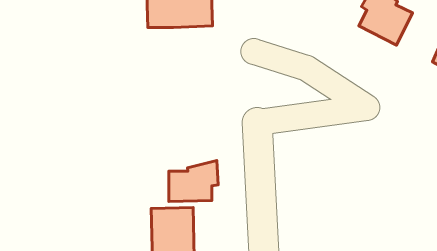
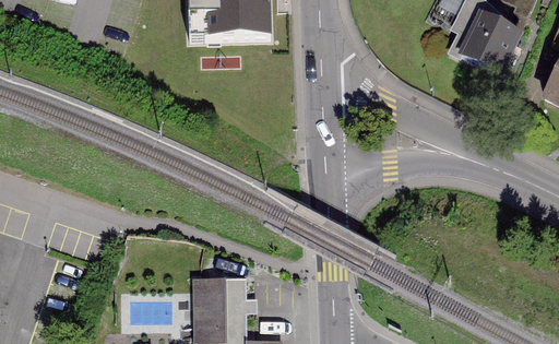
building: [169,161,218,202] -> none

